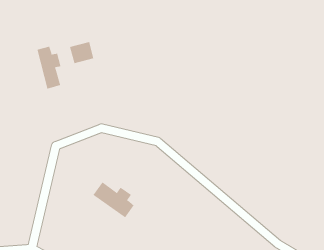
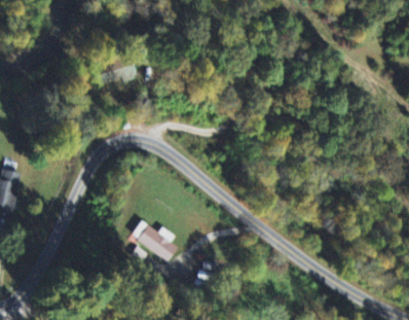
building: [37,46,61,90] -> none

